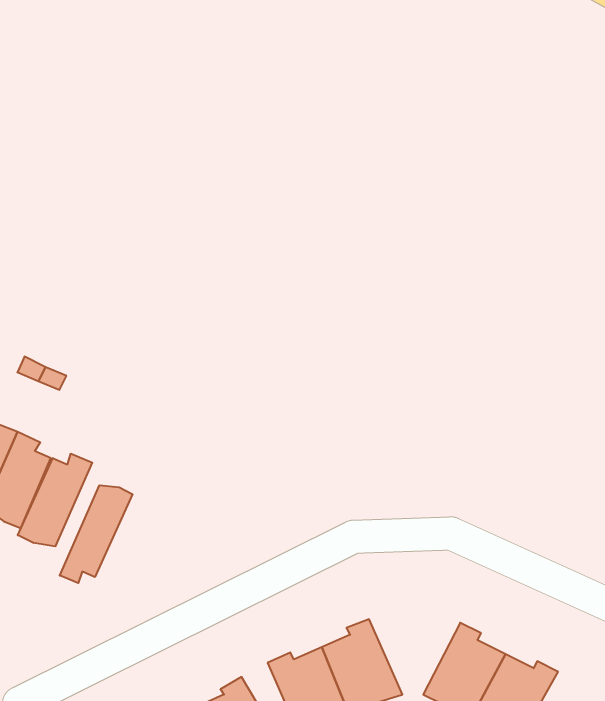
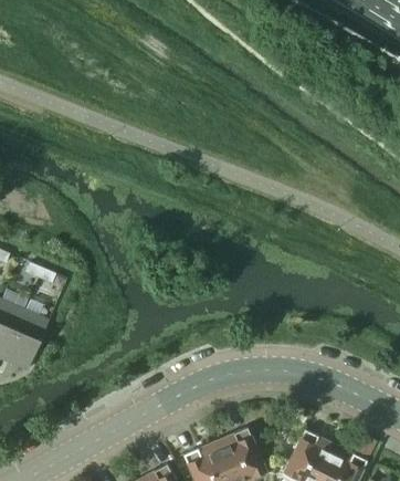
building: [18,454,92,546] -> none
building: [60,485,132,583] -> none

